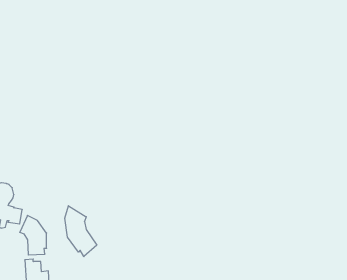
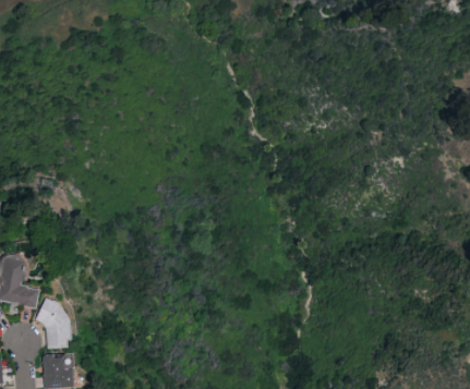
building: [65,206,97,257] -> none

